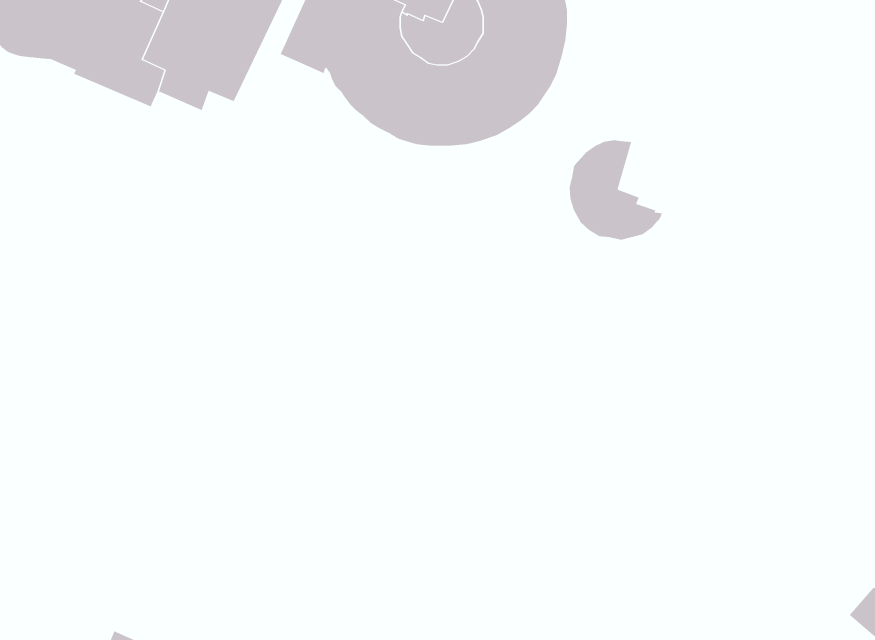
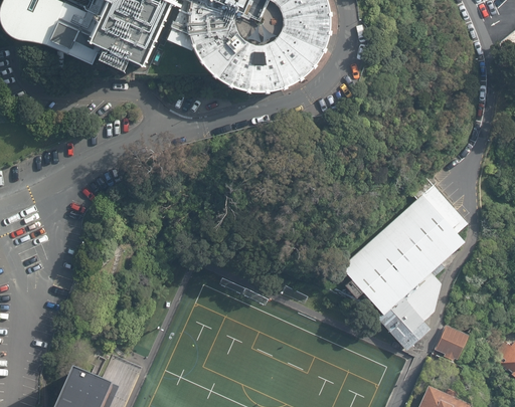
building: [569,139,663,240] -> none
building: none -> [340,176,469,349]
building: none -> [435,323,468,359]

